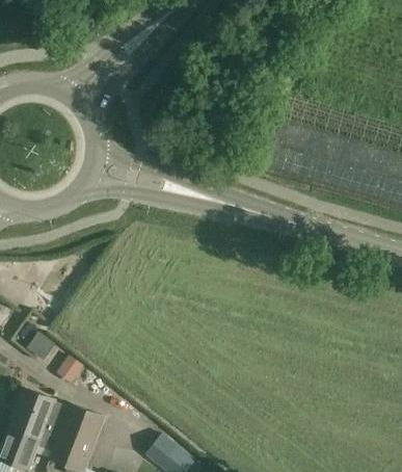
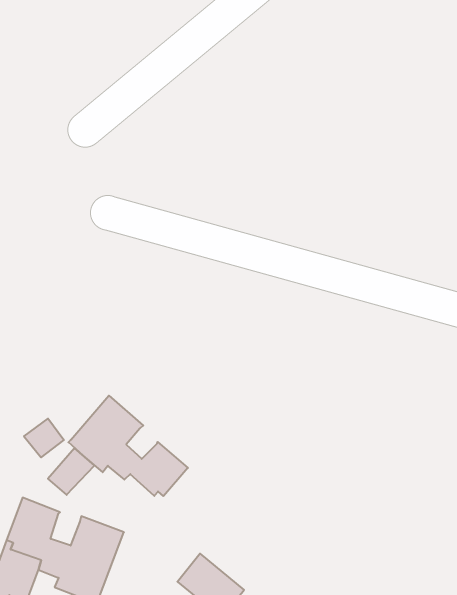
building: none -> [68,396,188,496]

